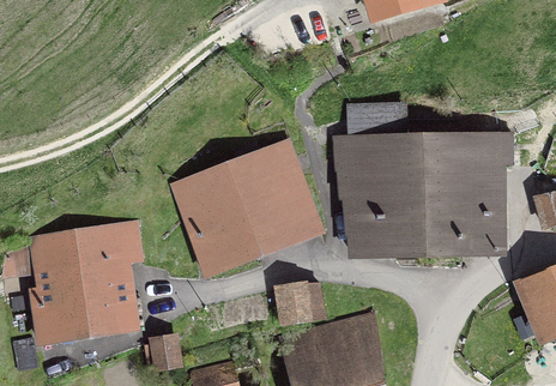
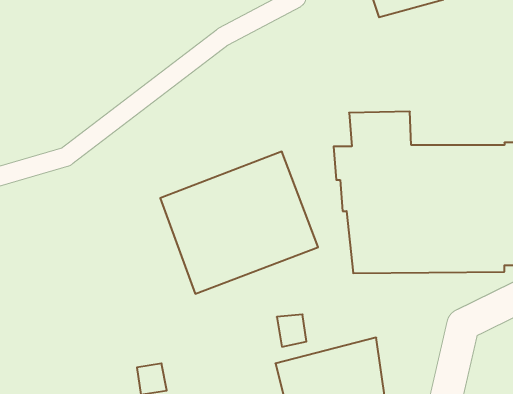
building: [34,224,140,343] -> none

